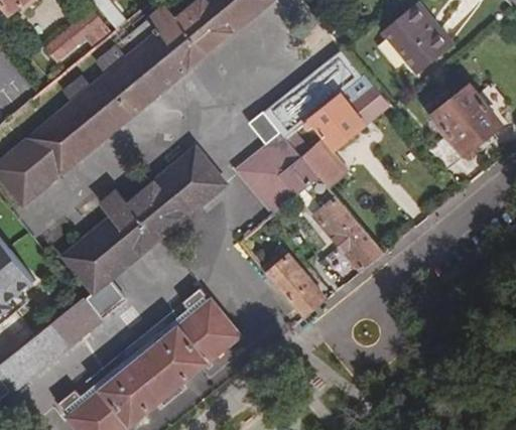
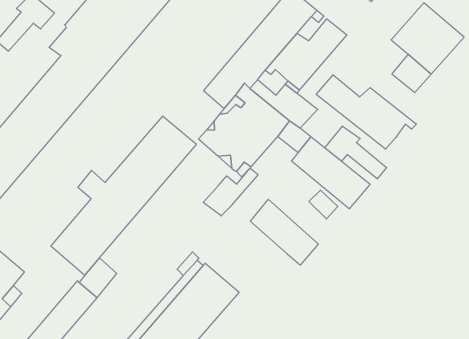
building: none -> [316,75,417,149]
building: none -> [325,126,387,179]
building: none -> [203,168,258,216]

